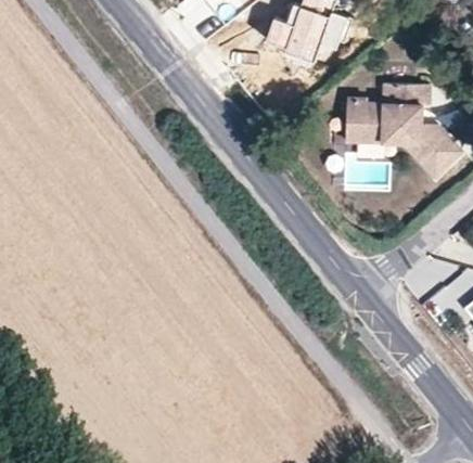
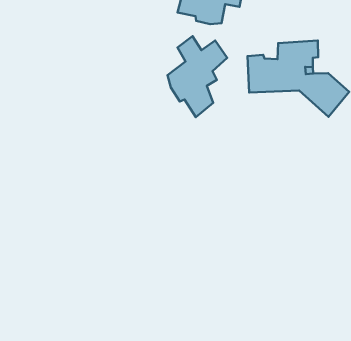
building: none -> [168,36,227,117]

